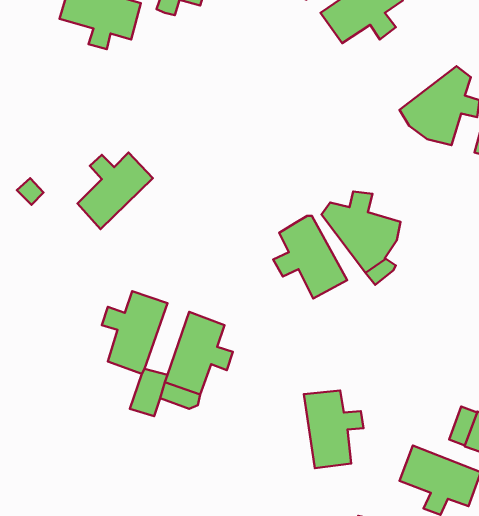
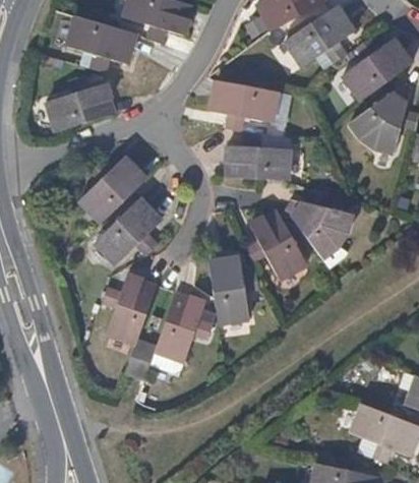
building: none -> [343,37,412,100]
building: none -> [48,74,116,130]
building: none -> [211,79,278,131]
building: none -> [227,132,289,181]
building: none -> [96,199,162,264]
building: [304,391,363,468] -> [210,257,259,322]

